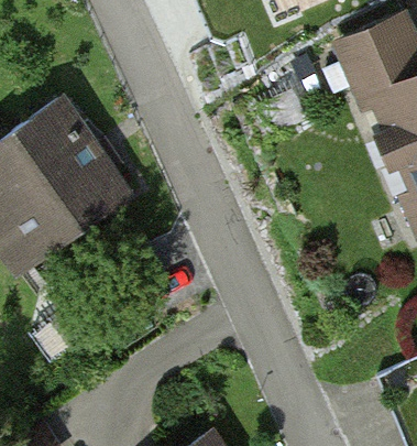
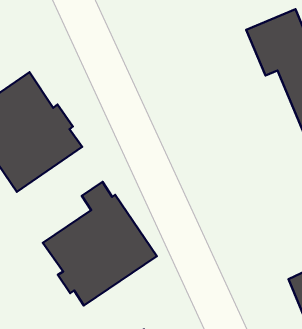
building: none -> [43,182,157,306]

